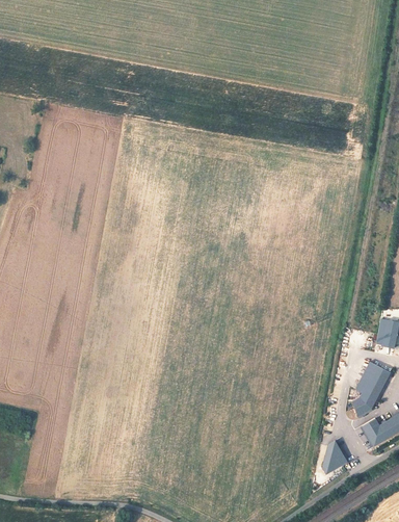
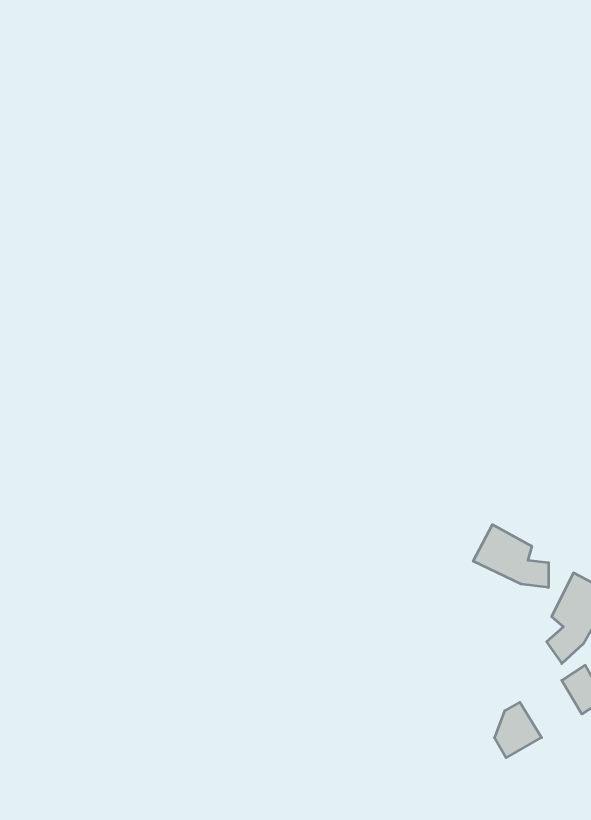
building: none -> [473,525,549,588]

